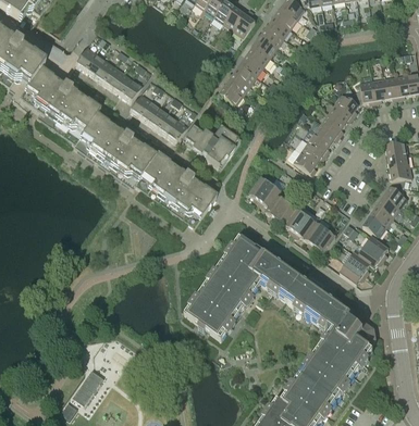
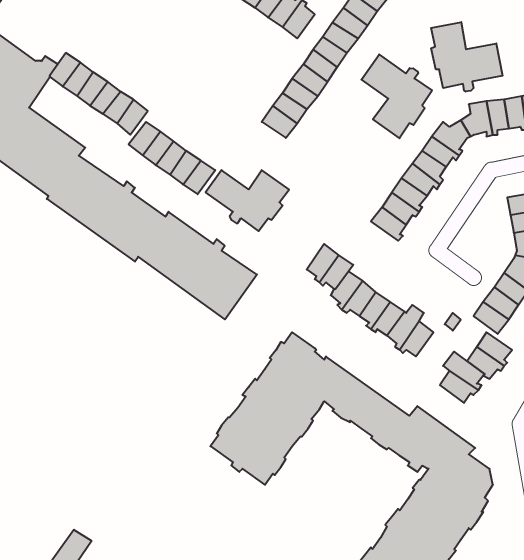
building: none -> [431,22,503,92]
building: none -> [361,54,432,138]

